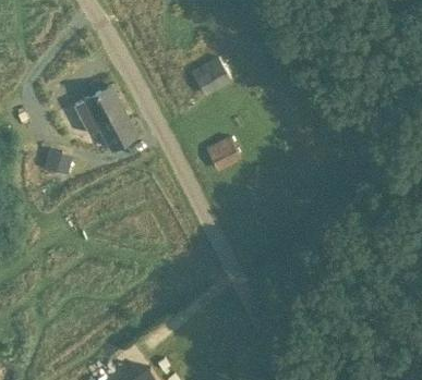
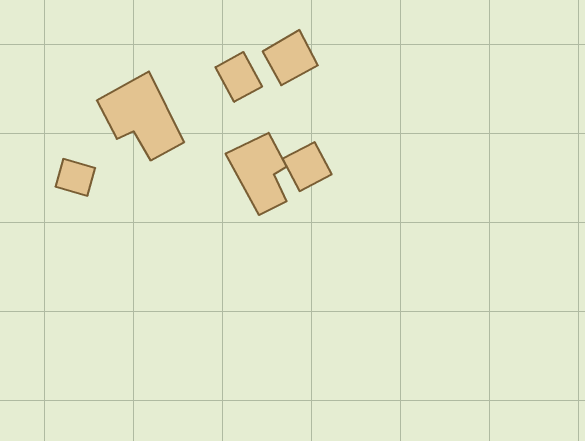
building: none -> [215,52,262,102]
building: none -> [226,133,287,215]

